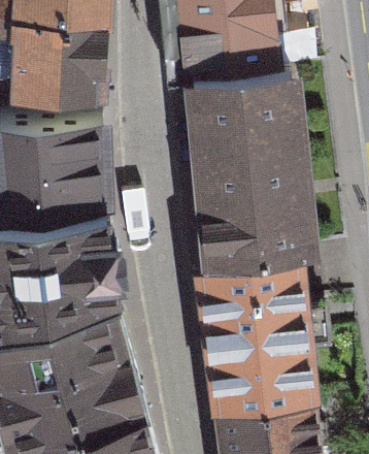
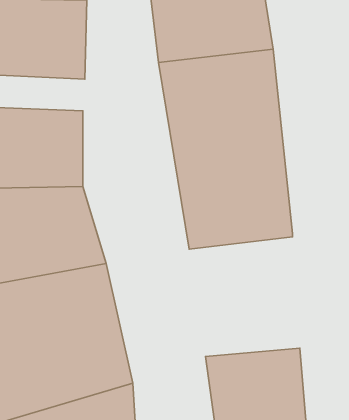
building: [207,266,318,387] -> none

